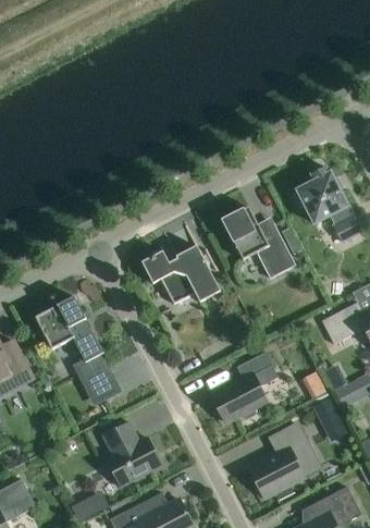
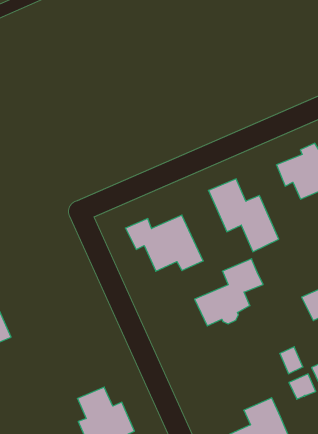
building: [35,297,113,392] -> none
building: [211,353,279,422] -> [195,259,263,326]

